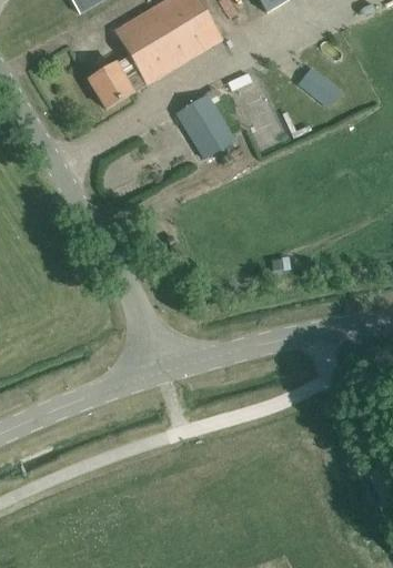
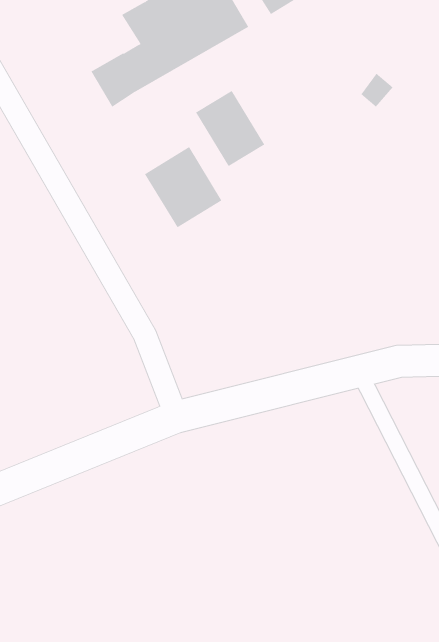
building: none -> [144,146,222,228]

